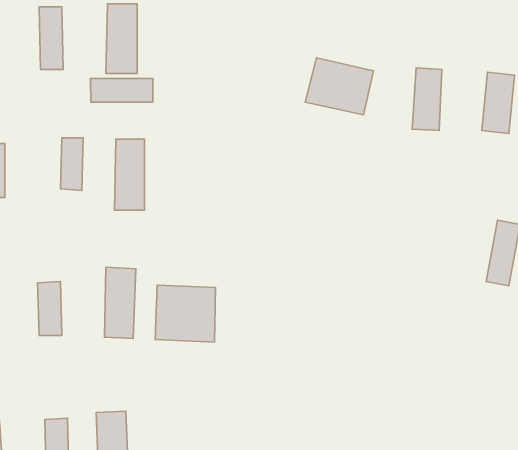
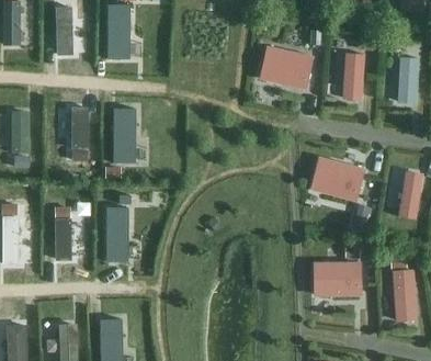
building: [90,79,153,102] -> none
building: none -> [311,157,365,202]
building: [155,285,215,342] -> none
building: none -> [314,262,362,297]
building: none -> [393,270,418,323]

